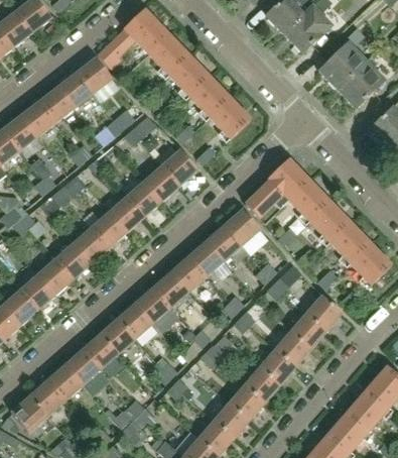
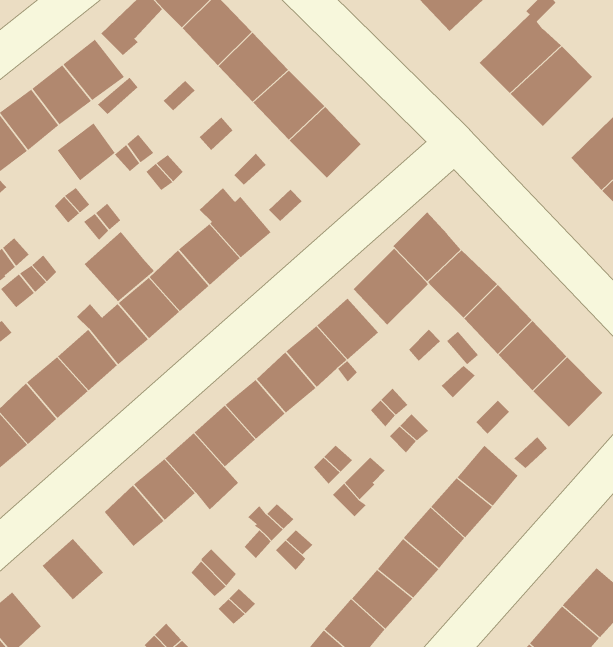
building: none -> [57,122,116,181]
building: none -> [84,231,155,302]
building: [82,334,117,369] -> none
building: [46,365,82,400] -> none

